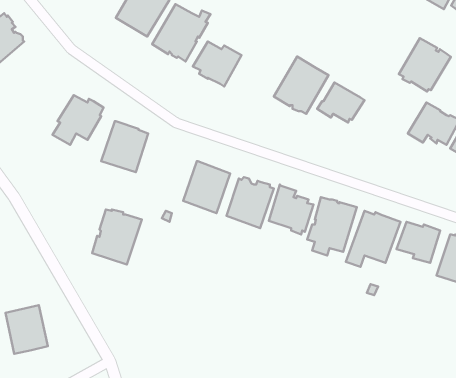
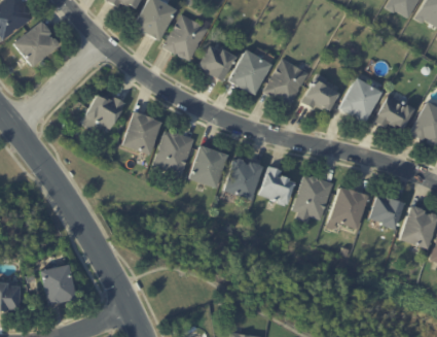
building: [399,38,451,92] -> [338,78,381,123]
building: none -> [228,49,271,95]
building: [92,210,142,264] -> [154,130,195,175]

